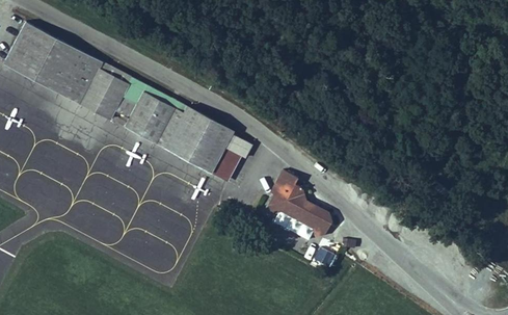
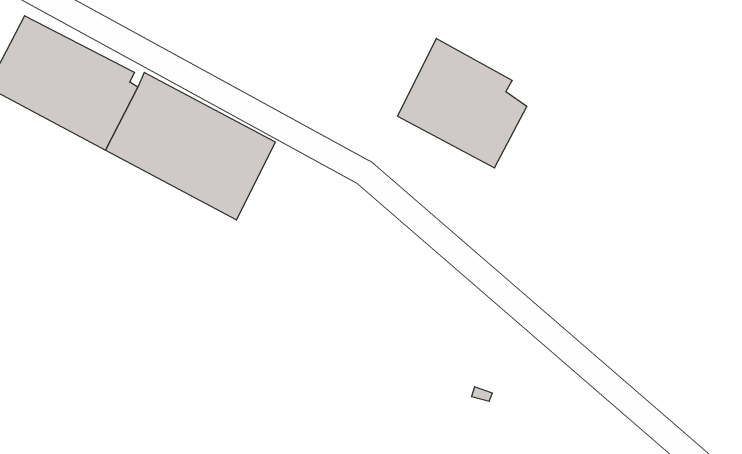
building: [162,103,245,186] -> [397,38,527,168]
building: [269,169,333,237] -> none

